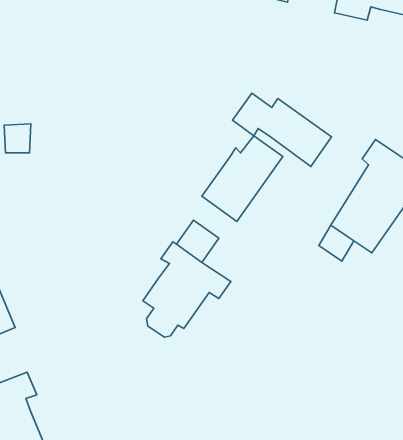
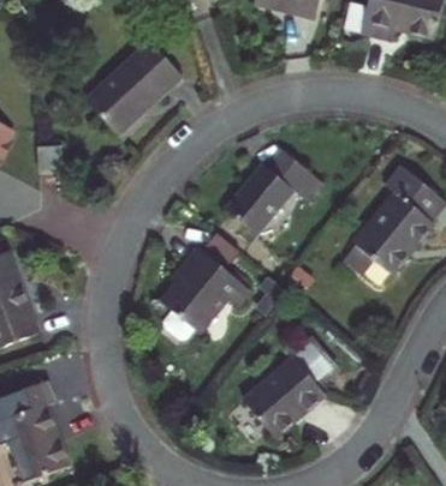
building: none -> [89,40,184,136]
building: [233,93,331,166] -> none
building: none -> [257,341,344,436]

